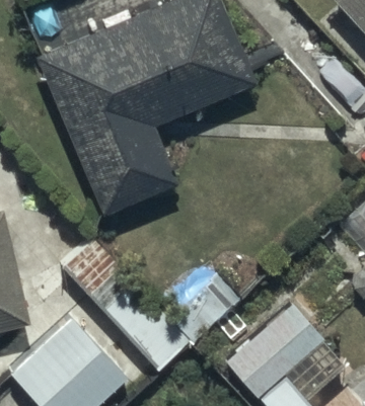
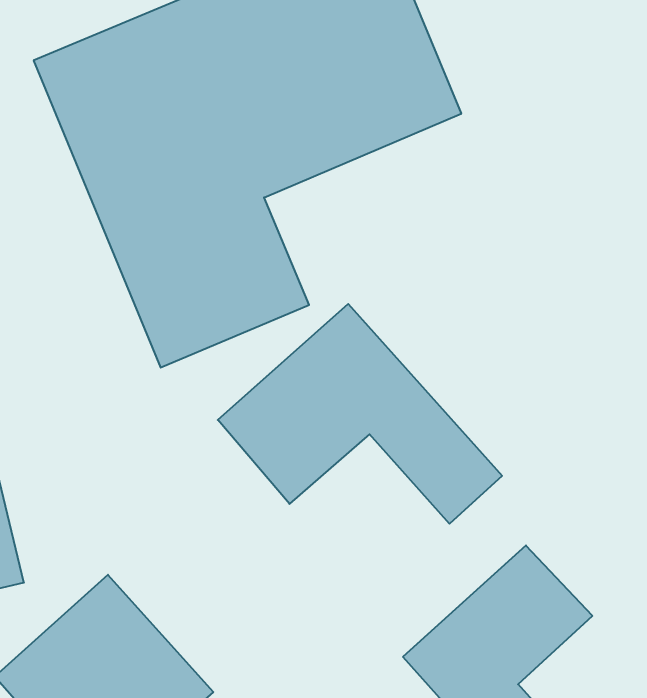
building: none -> [218,304,502,524]

